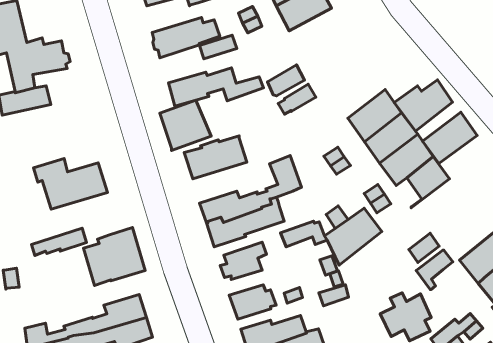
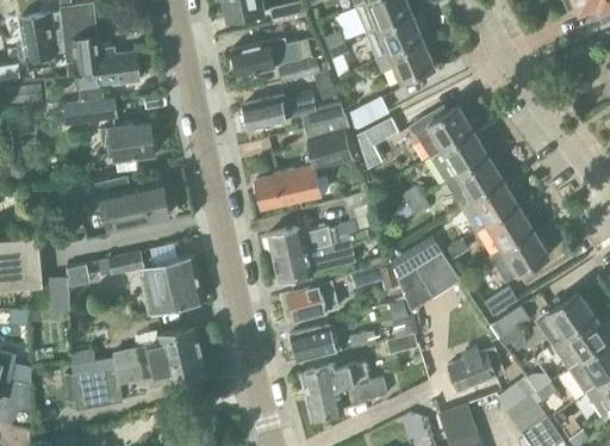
building: none -> [376,39,435,82]
building: [394,80,453,131] -> [411,105,473,157]
building: [160,100,211,151] -> [305,118,357,169]
building: none -> [101,124,154,163]
building: [423,112,477,163] -> [491,230,549,283]

